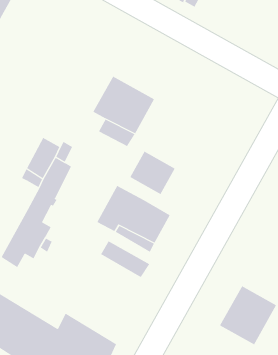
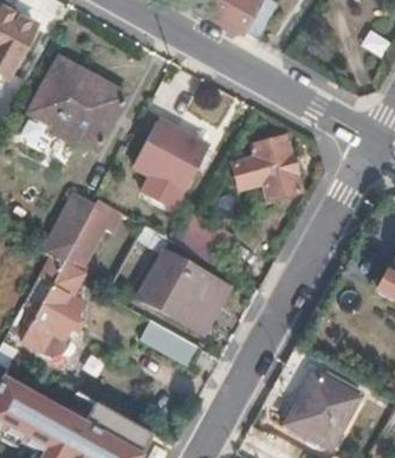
building: none -> [26,57,124,148]
building: none -> [232,134,302,201]

